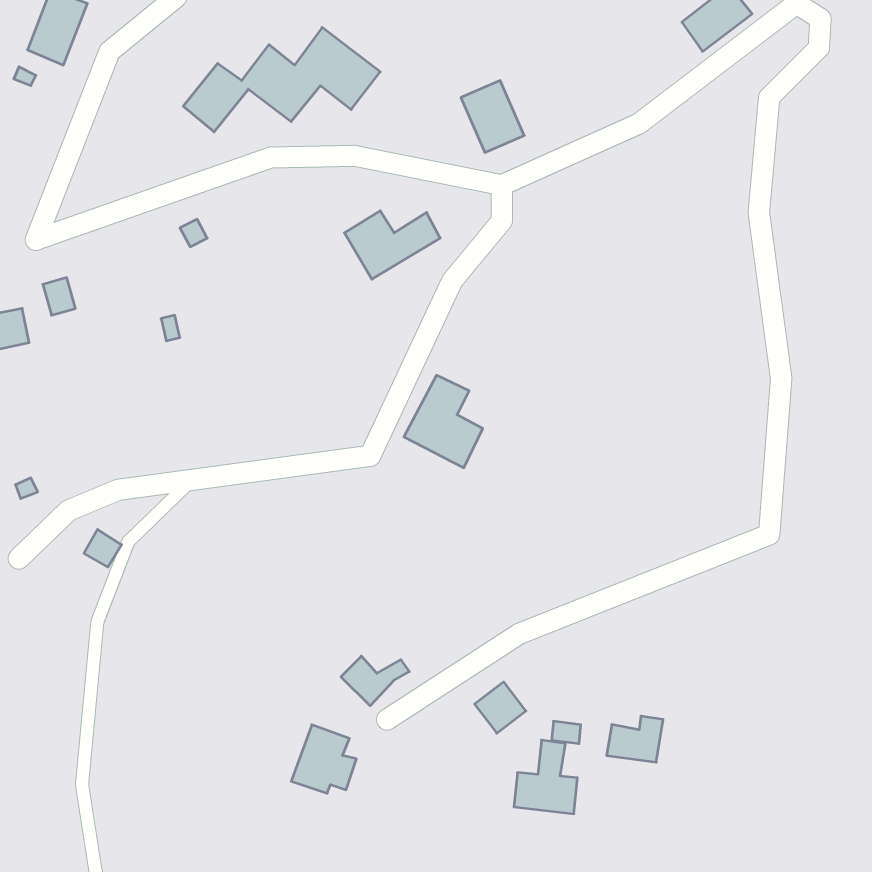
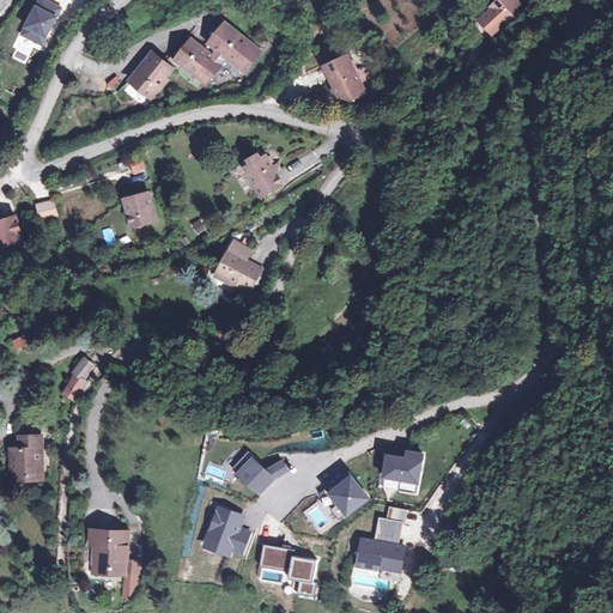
building: none -> [121,189,156,225]
building: [404,375,483,468] -> [210,235,265,299]
building: none -> [5,433,41,484]
building: [607,716,663,762] -> [384,450,424,482]
building: none -> [89,529,135,597]
building: none -> [262,547,316,596]

